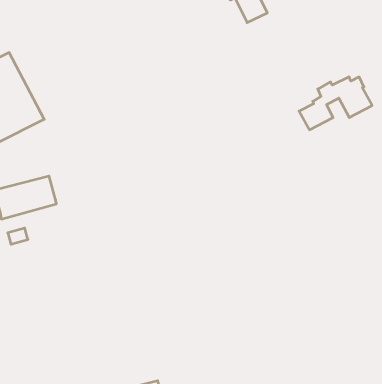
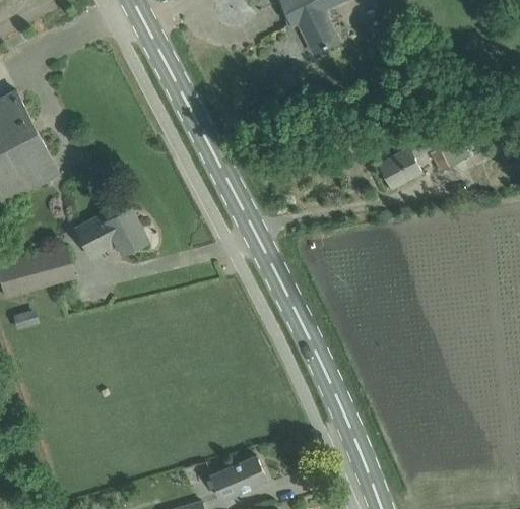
building: none -> [74,208,147,257]
building: none -> [210,456,266,500]

